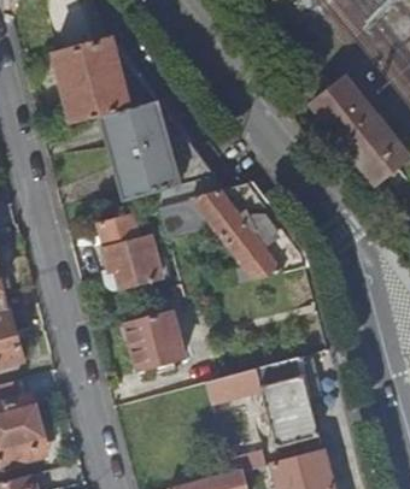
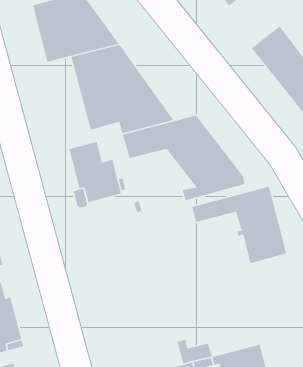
building: [125,302,183,371] -> none
building: [206,358,318,449] -> [191,186,287,264]

